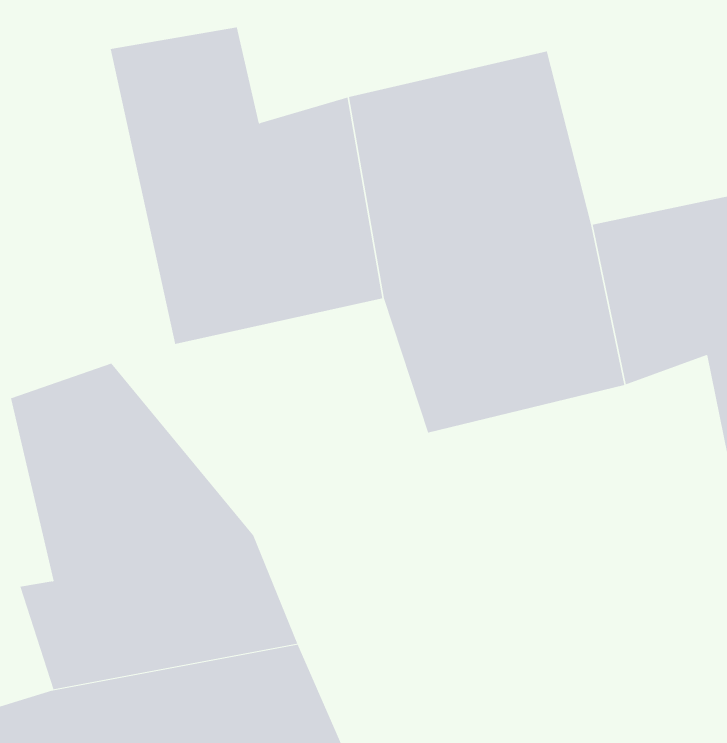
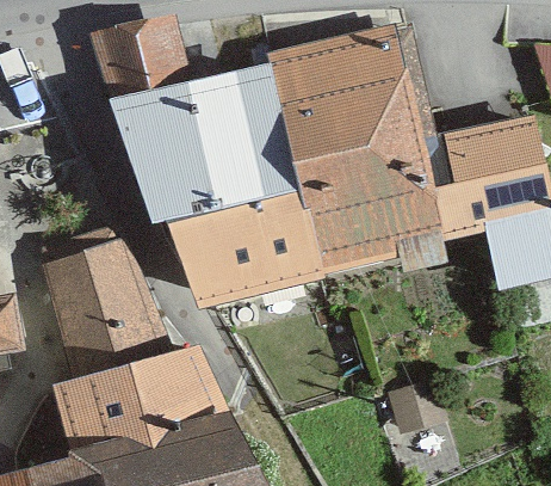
building: none -> [148,195,311,307]

